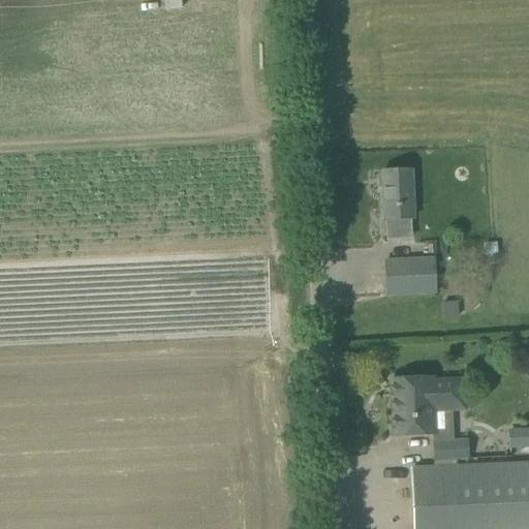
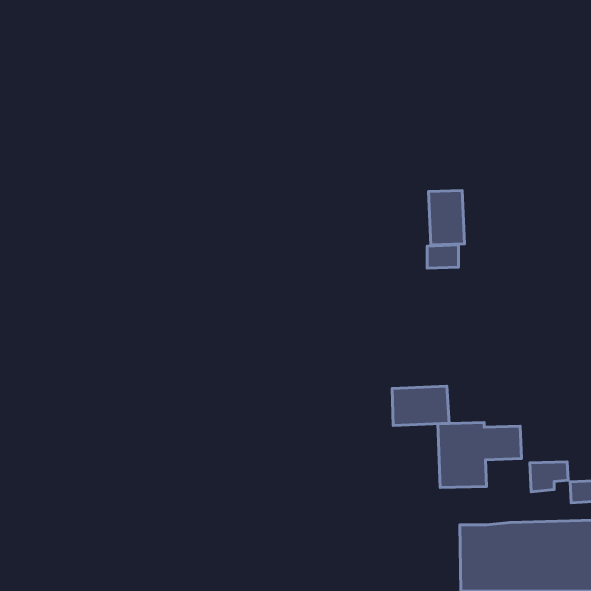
building: [387,258,438,293] -> [392,386,449,426]
building: [434,440,468,467] -> [530,462,568,492]

